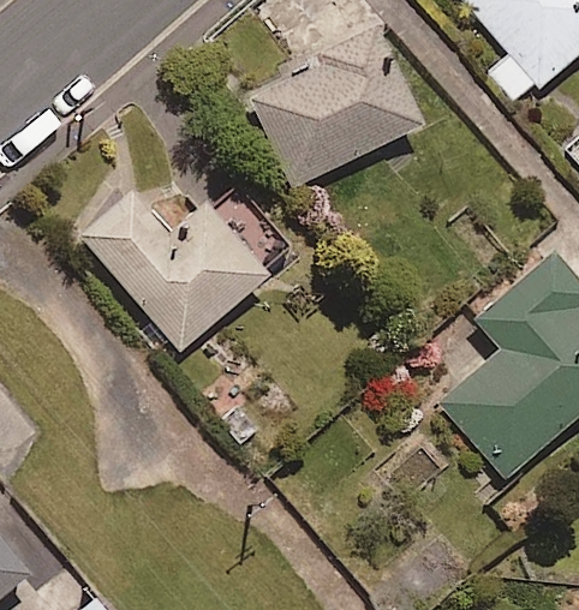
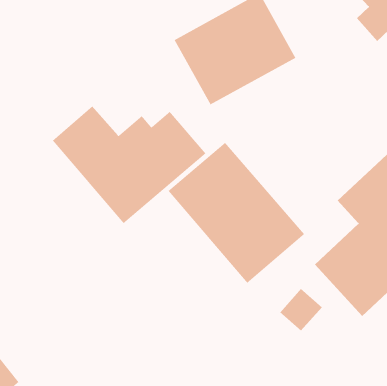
building: none -> [167,142,305,284]

